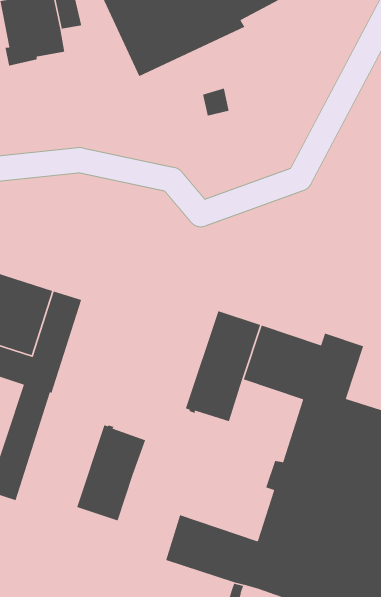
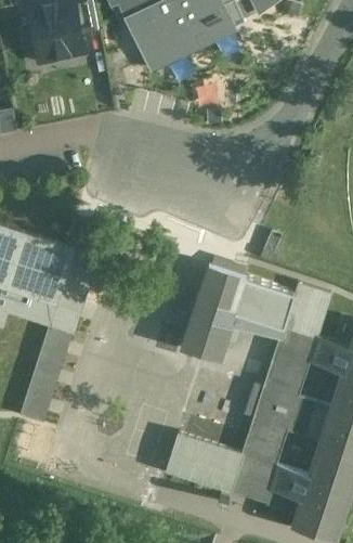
building: [76,424,146,522] -> none

